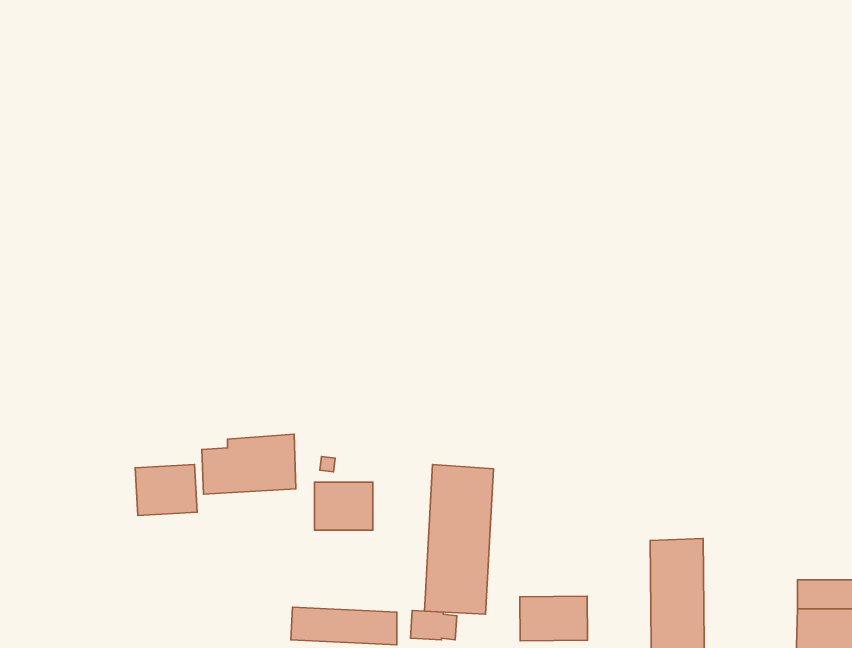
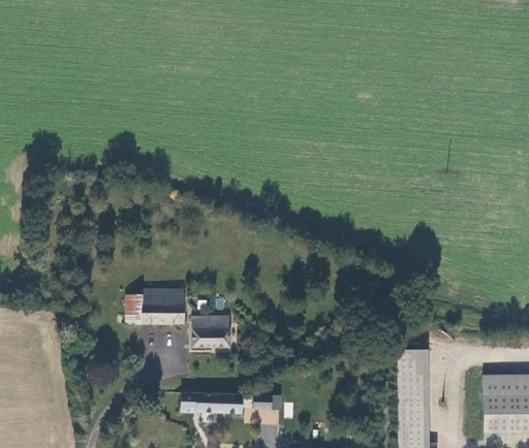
building: [424,464,494,614] -> none
building: [135,465,197,515] -> none
building: [520,596,587,641] -> none

